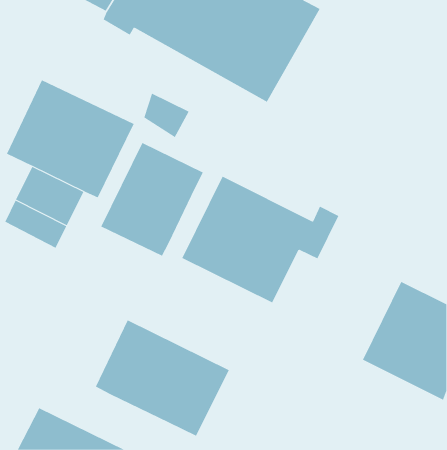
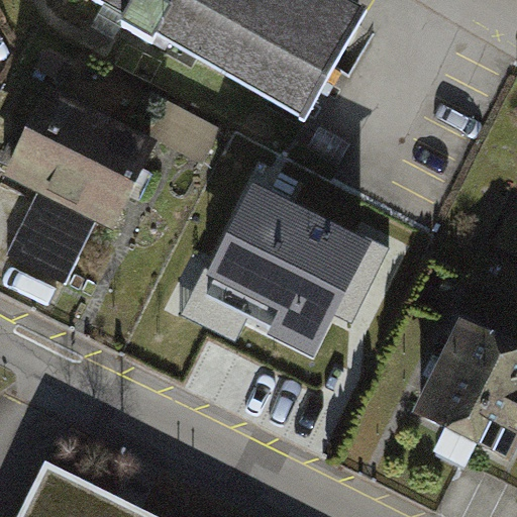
building: [101,142,203,256] -> none
building: [95,319,229,437] -> none

